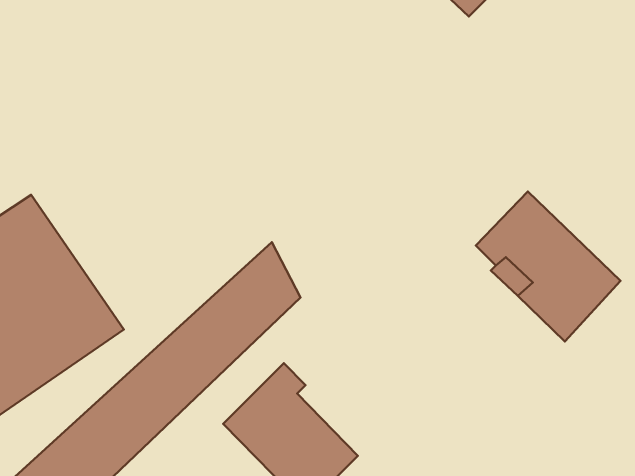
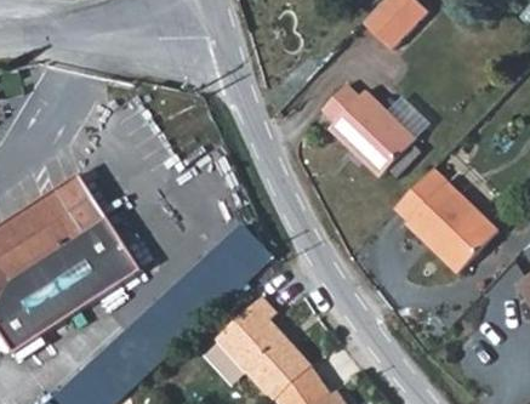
building: none -> [330,84,427,177]

